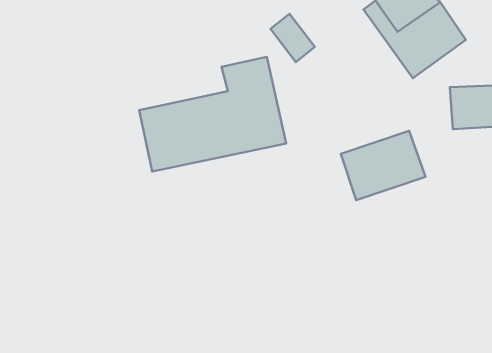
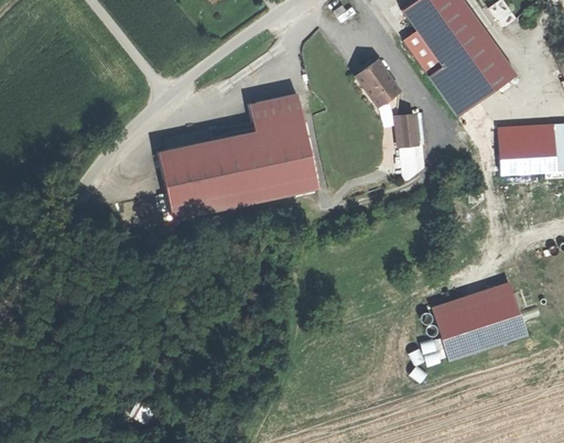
building: [271,14,315,62] -> [350,54,399,107]
building: none -> [397,115,417,147]
building: [341,131,425,200] -> [437,283,530,359]

